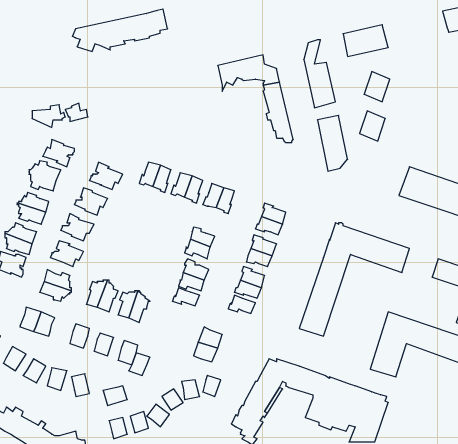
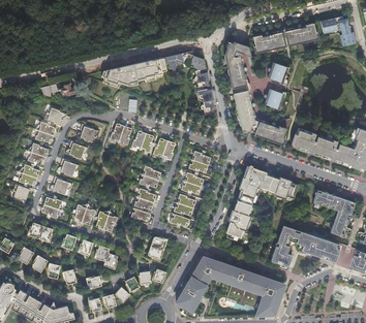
building: [72,9,168,51] -> [103,57,169,86]
building: none -> [283,22,314,43]
building: none -> [253,119,285,142]

